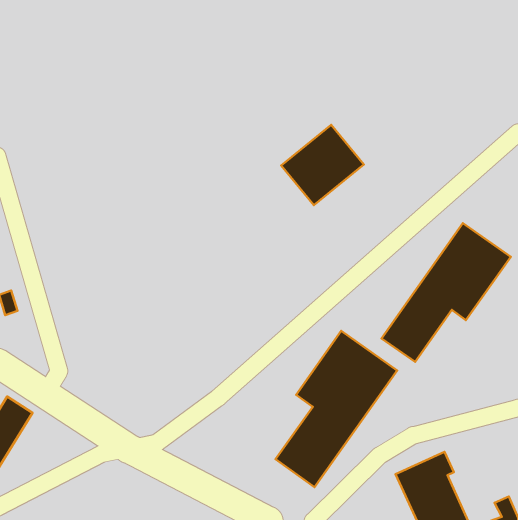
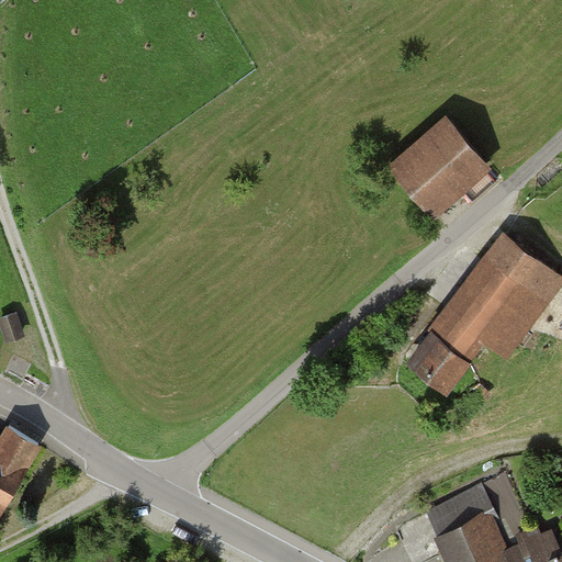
building: [281,125,364,205] -> [402,125,491,212]
building: [276,331,397,487] -> none

